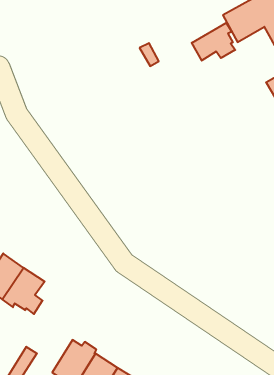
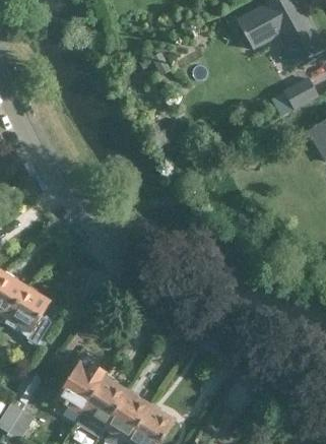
building: [192,23,235,61] -> none

